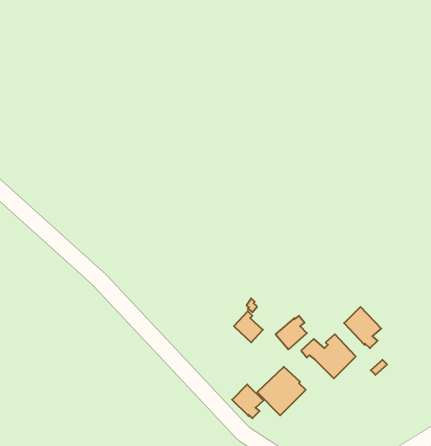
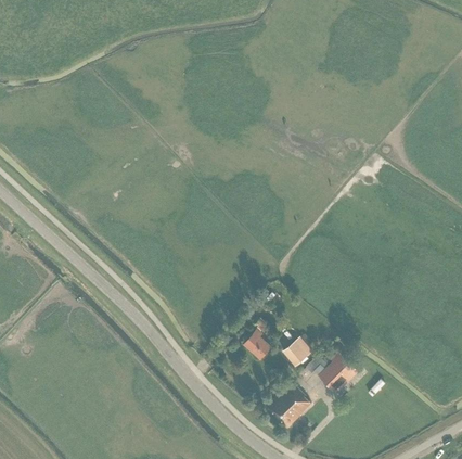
building: [344,307,381,348] -> none
building: [232,384,263,418] -> none

